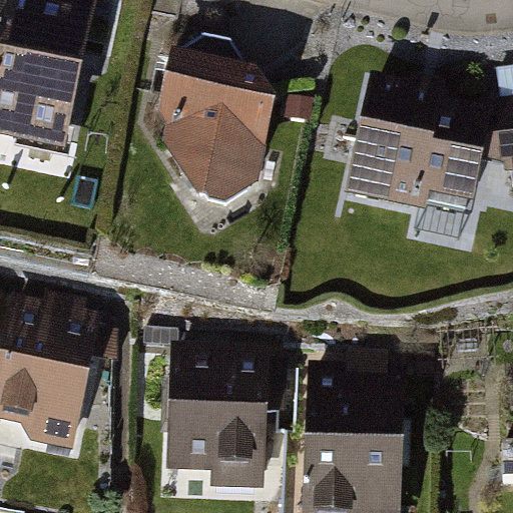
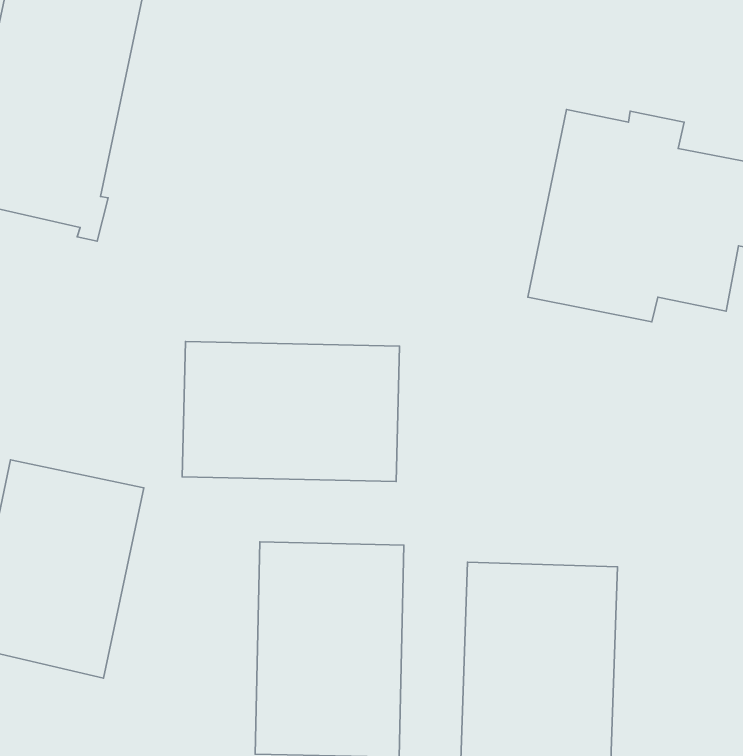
building: [156,44,275,214] -> none
building: none -> [182,341,399,482]

